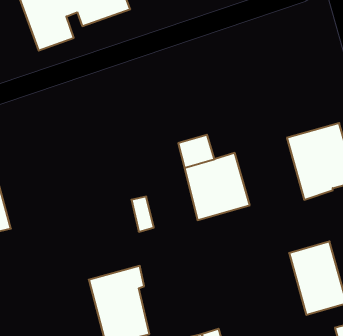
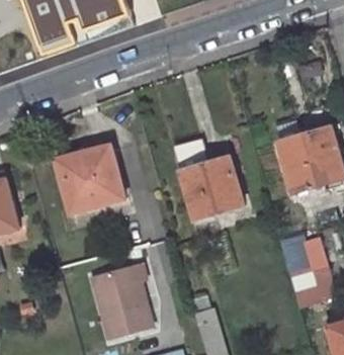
building: none -> [59,147,123,213]

